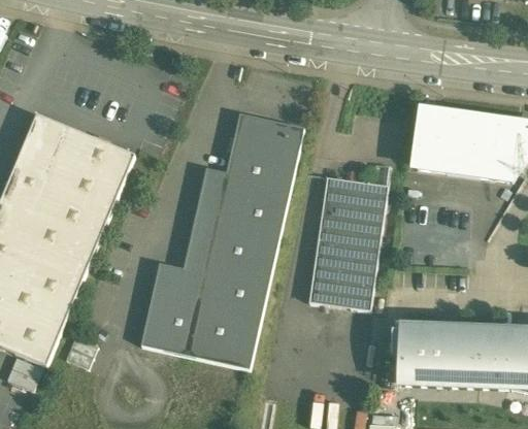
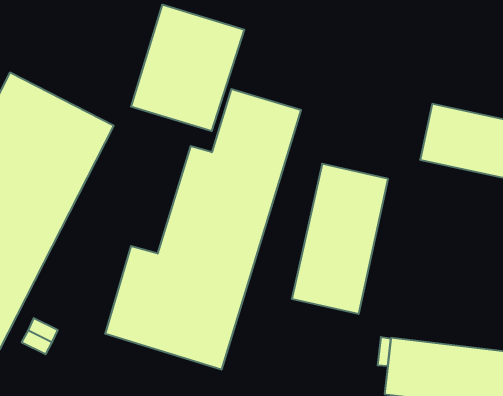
building: none -> [131,5,244,131]

